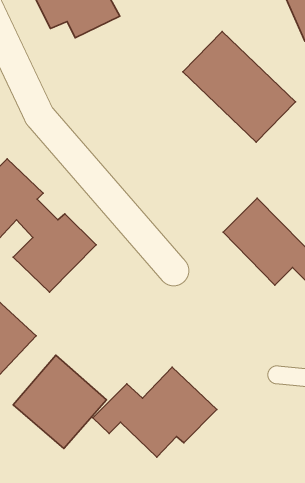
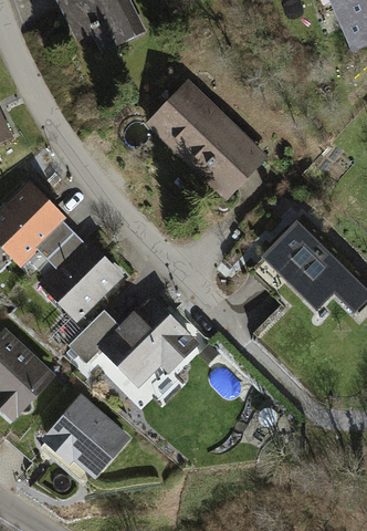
building: [183,32,296,142] -> [147,80,268,198]
building: [93,367,217,457] -> [70,290,202,386]

